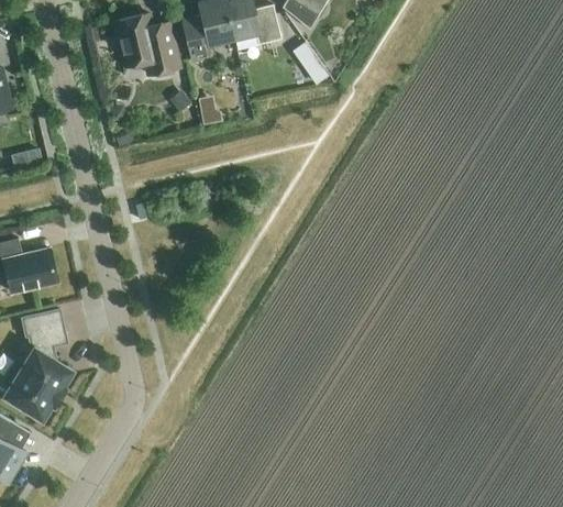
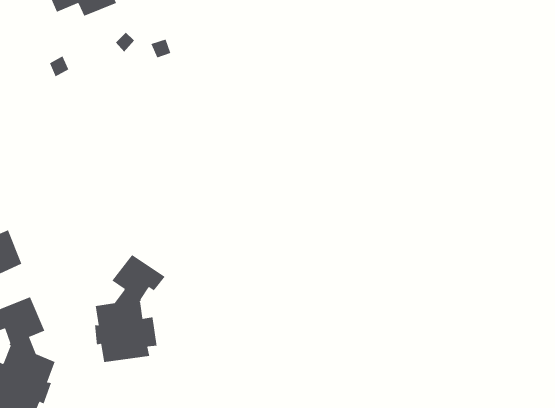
building: none -> [94,254,165,363]

